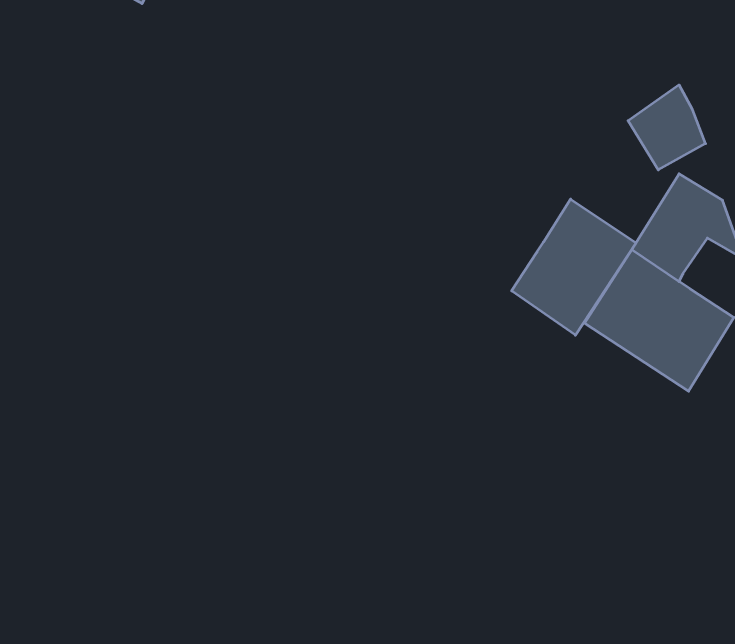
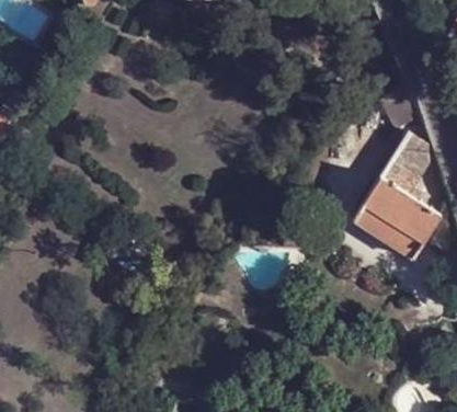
building: [512,199,636,335] -> none

